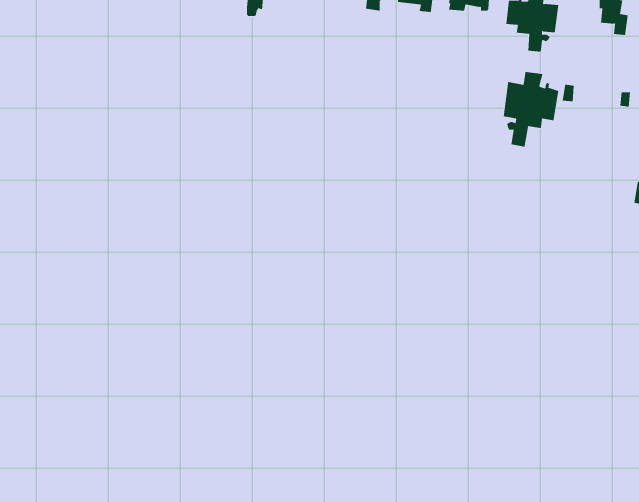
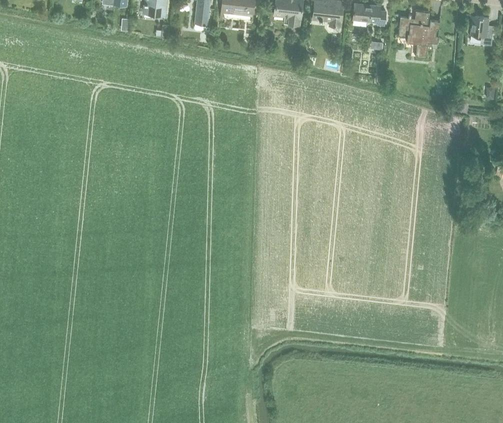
building: [503,71,559,148] -> none

